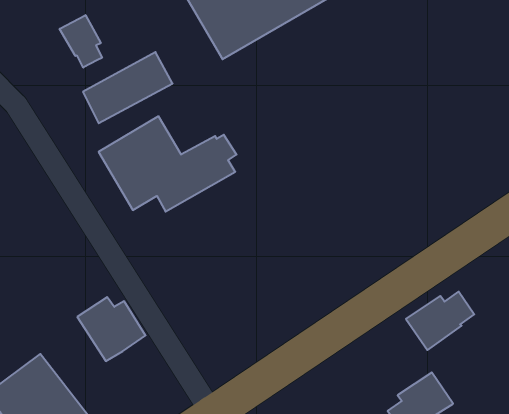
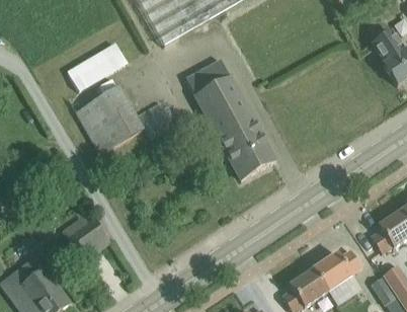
building: [60,15,102,68] -> none
building: none -> [186,61,275,178]
building: [406,292,474,350] -> [313,249,361,291]

